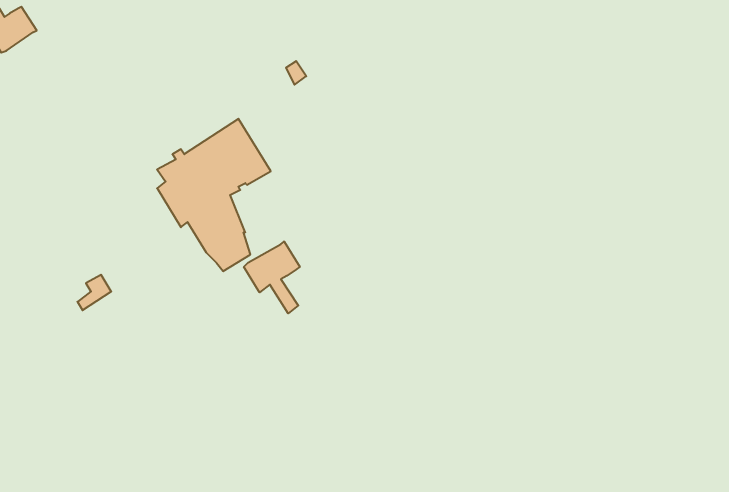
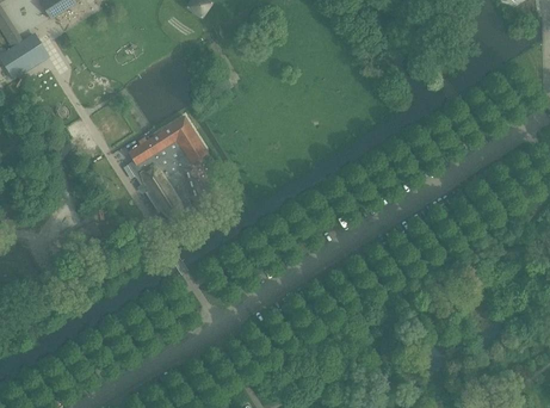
building: [244,241,300,313] -> none

